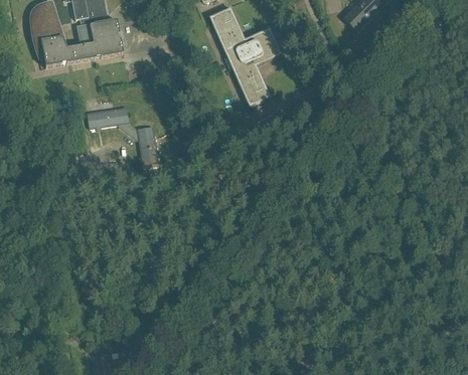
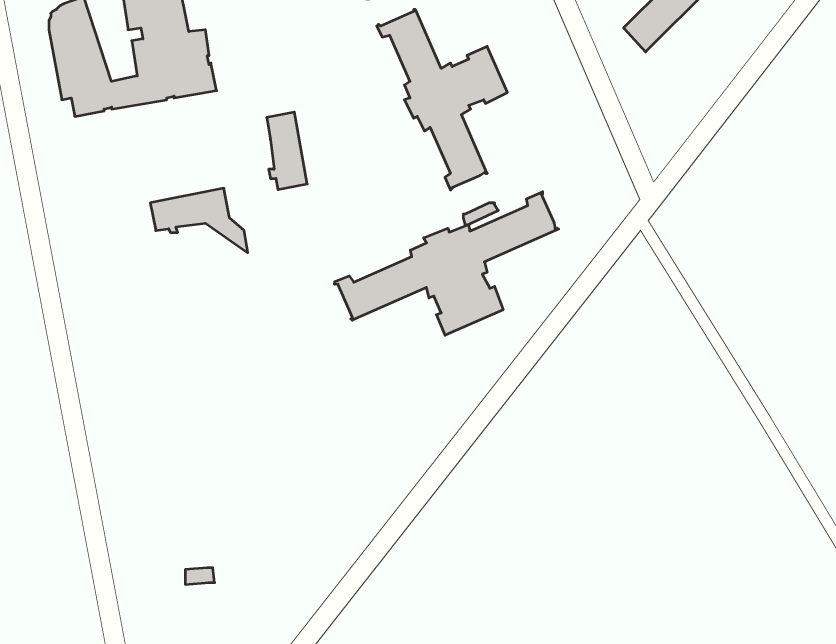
building: none -> [335,192,559,335]
building: [137,125,159,167] -> [267,112,307,190]

